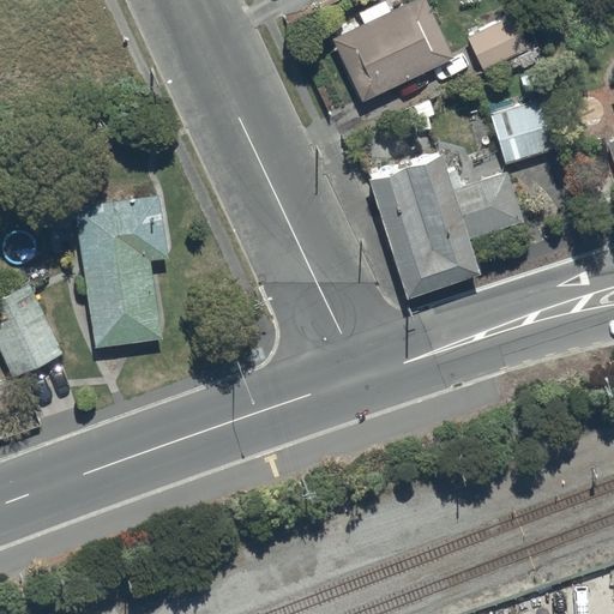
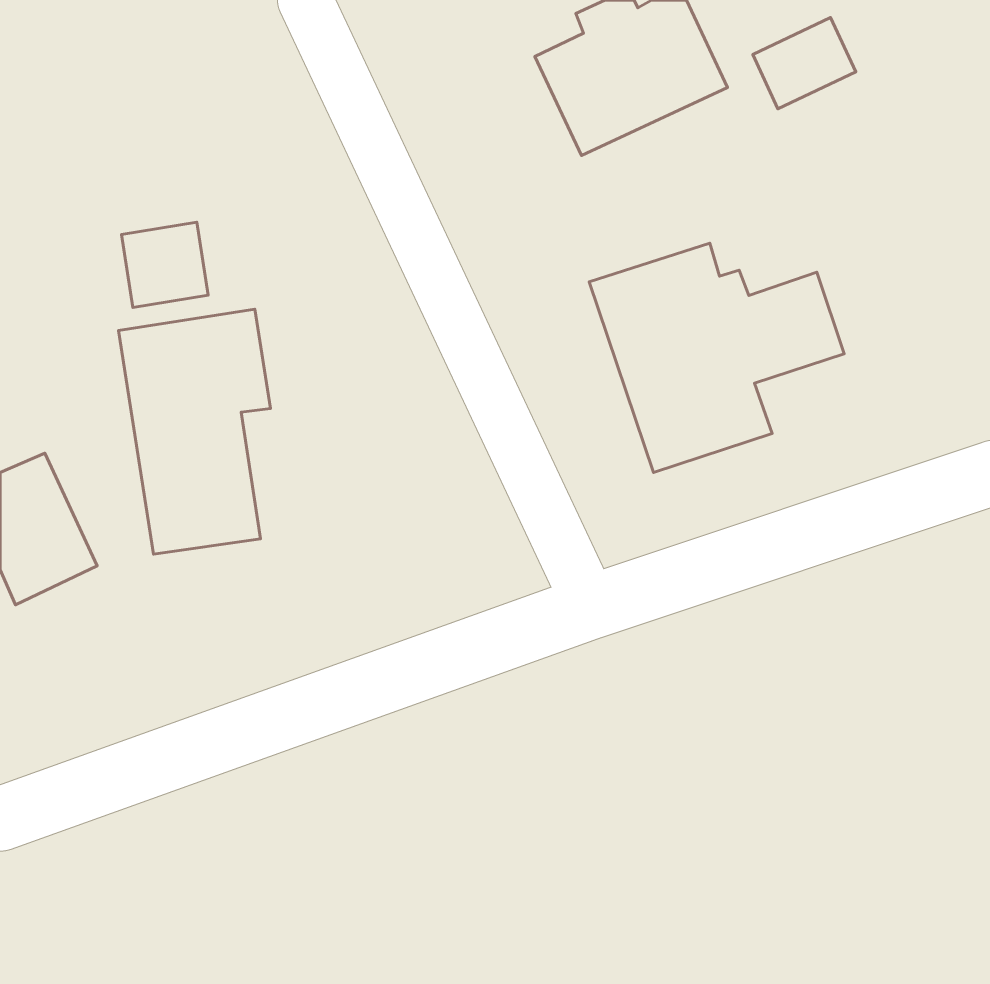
building: [490,100,561,167] -> none
building: none -> [121,222,208,308]

